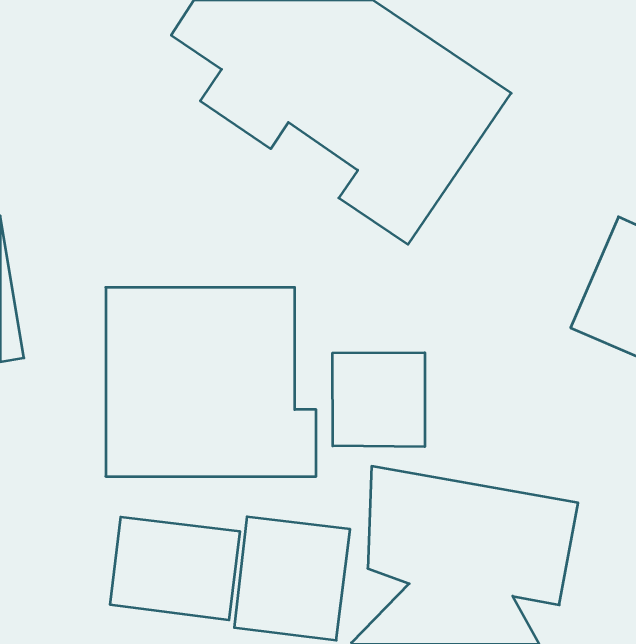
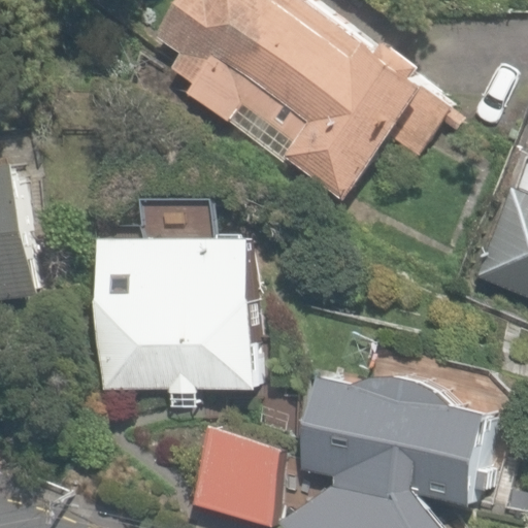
building: [333,353,425,447] -> none
building: [110,517,240,620] -> none

